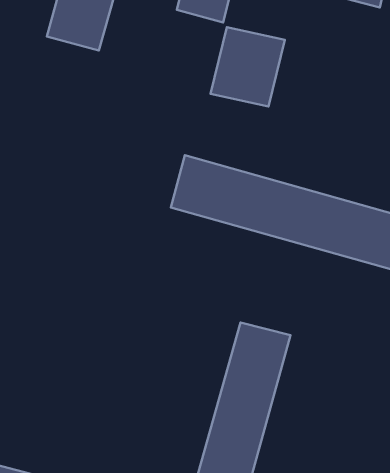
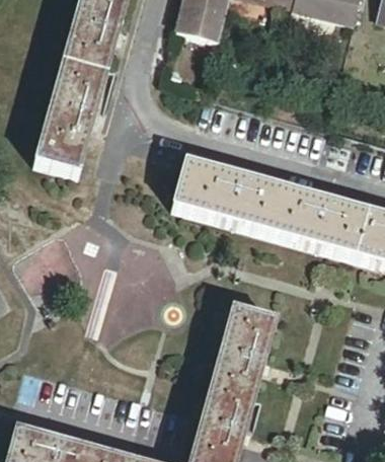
building: [210,27,285,107] -> none
building: none -> [33,55,109,176]

